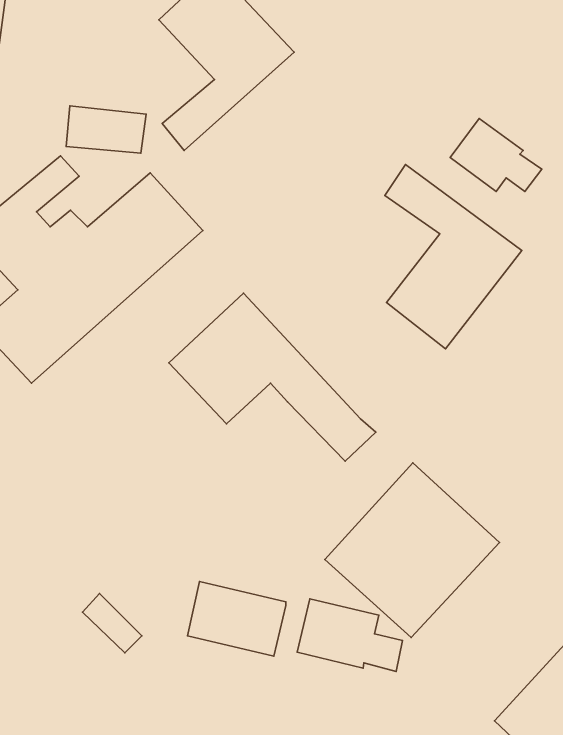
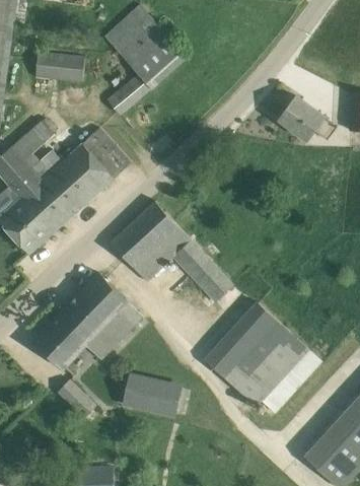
building: [66,106,146,153] -> [35,52,83,80]
building: [385,165,522,349] -> none
building: none -> [34,273,144,367]
building: [297,599,403,671] -> none

